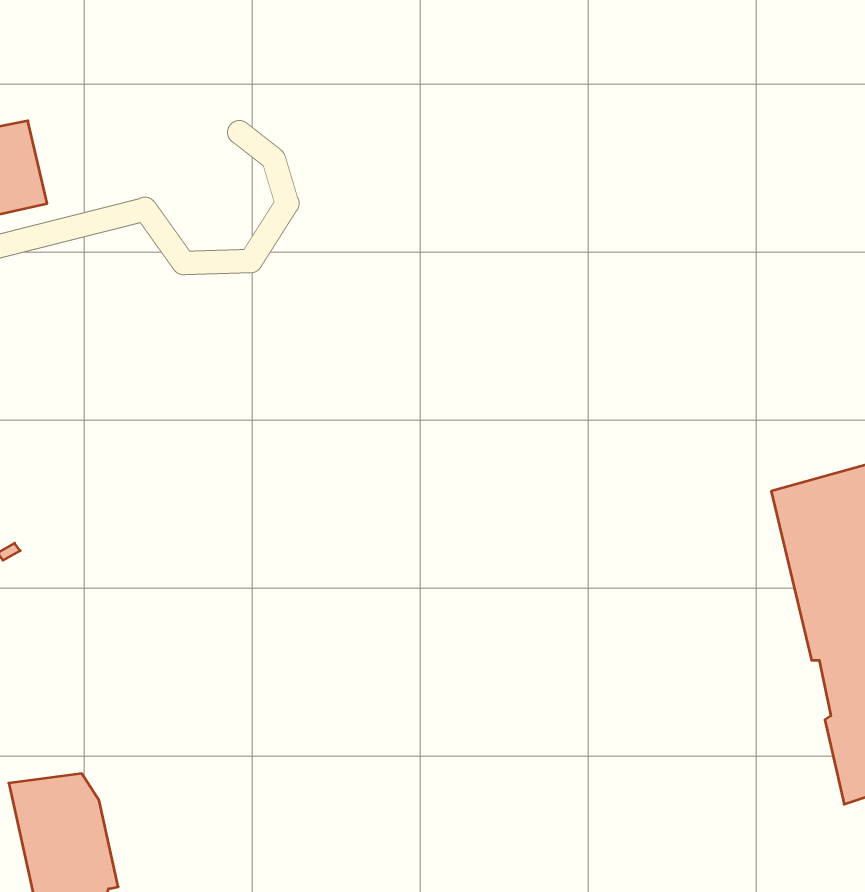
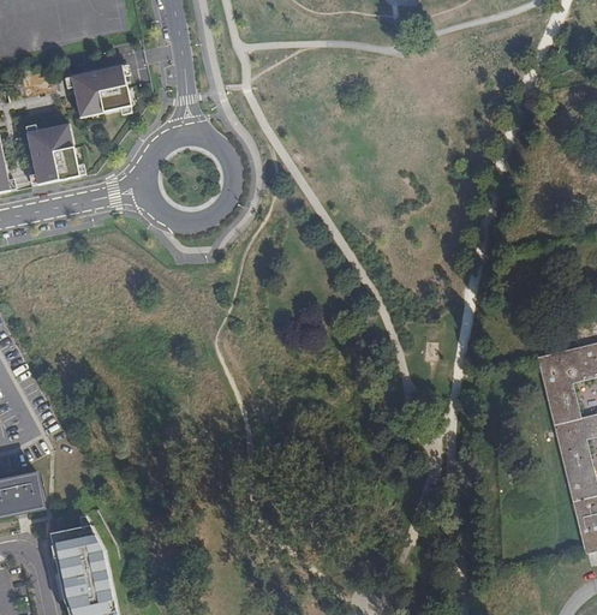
building: none -> [71,65,132,117]

